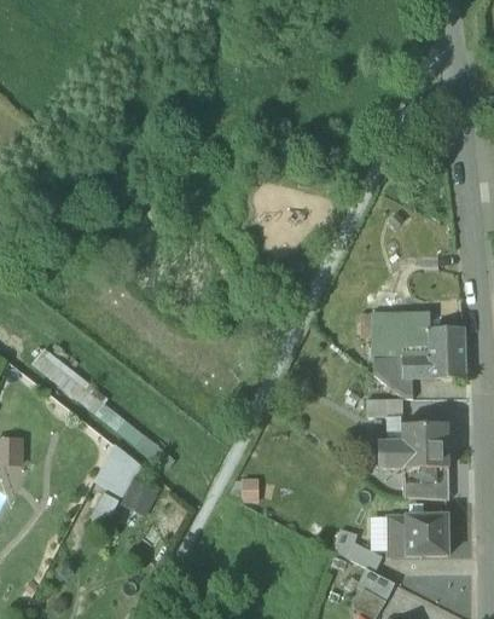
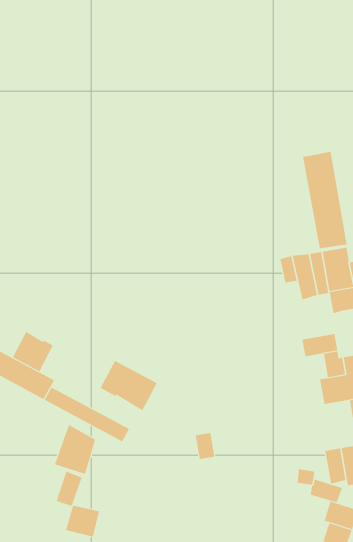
building: none -> [303,151,347,249]
building: none -> [12,331,53,372]
building: [374,357,413,399] -> none
building: none -> [100,360,158,411]
building: [120,481,158,517] -> [65,505,100,537]

